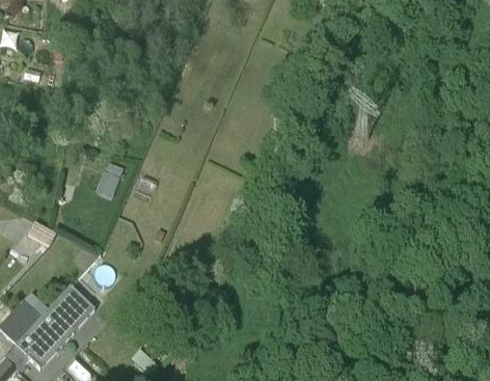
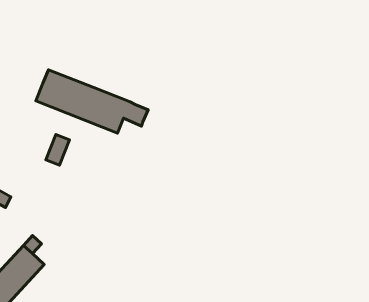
building: none -> [36,70,148,133]

